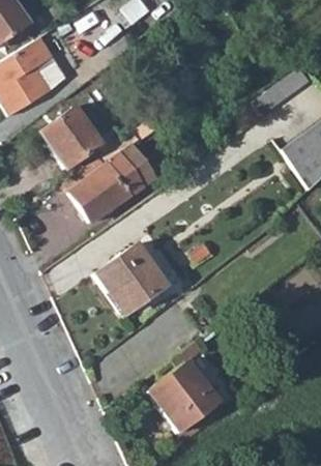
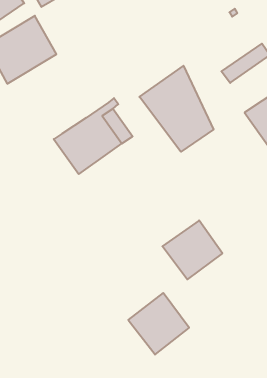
building: none -> [139,66,214,152]
building: [41,104,126,174] -> none
building: [95,242,165,311] -> [162,220,222,279]

